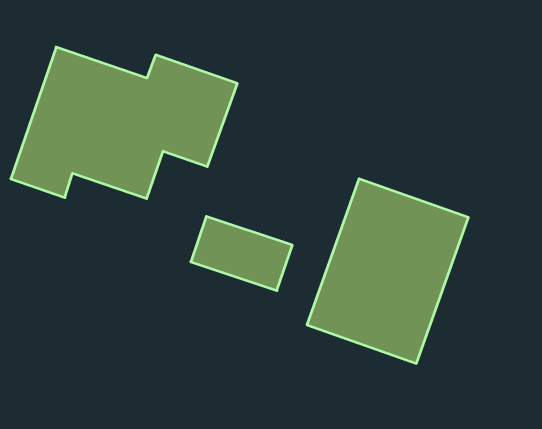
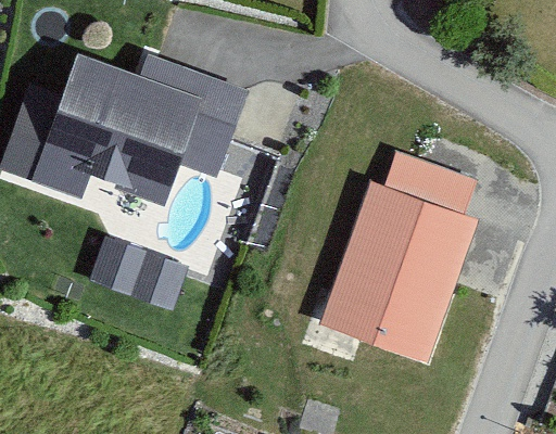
building: [191,216,292,291] -> [91,235,191,308]

